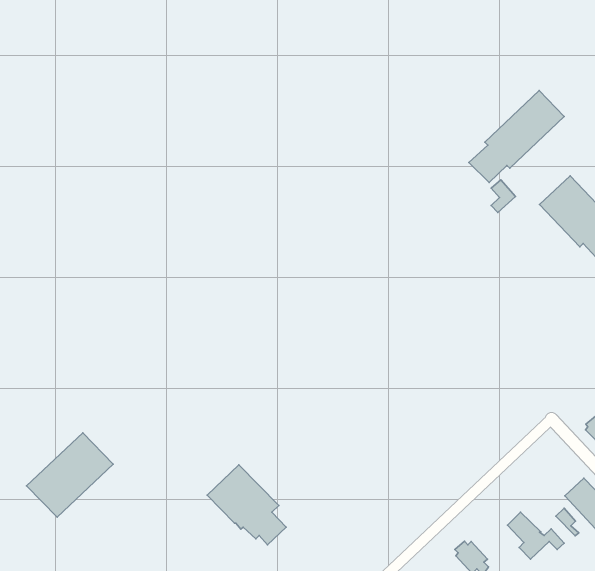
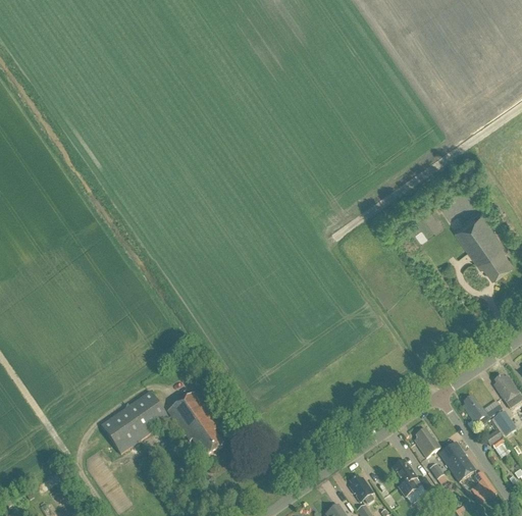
building: [469,91,564,183] -> none
building: [27,433,113,517] -> [101,391,169,452]
building: none -> [412,428,438,457]

